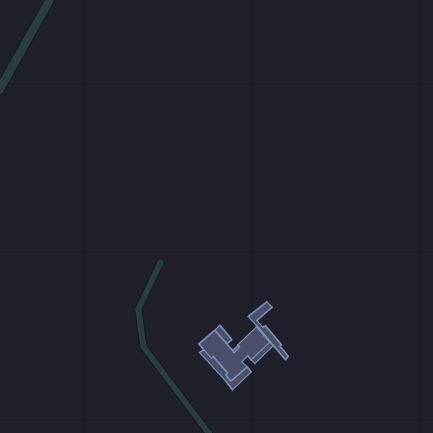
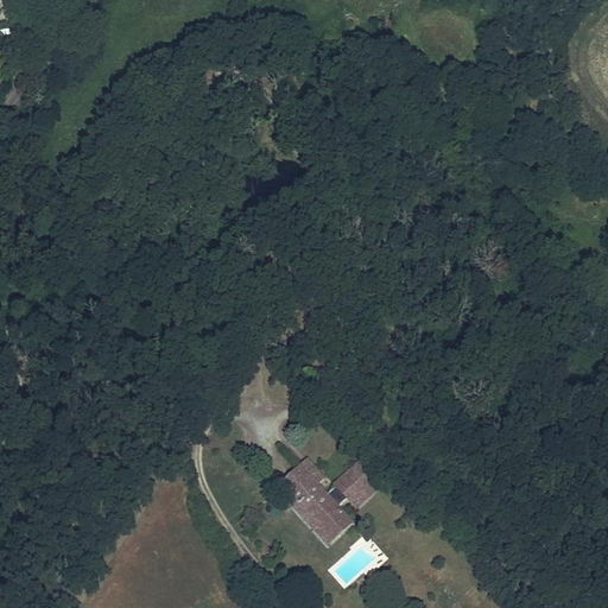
building: [248,302,288,360] -> none

